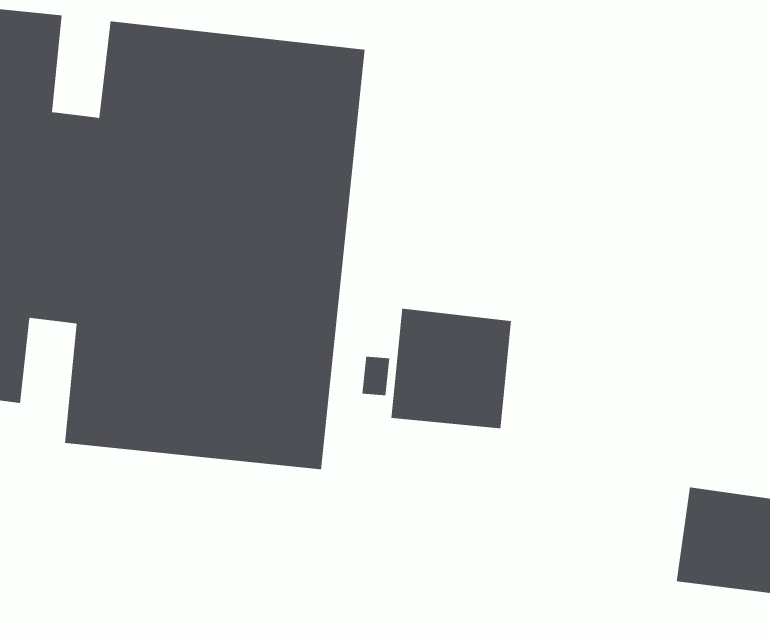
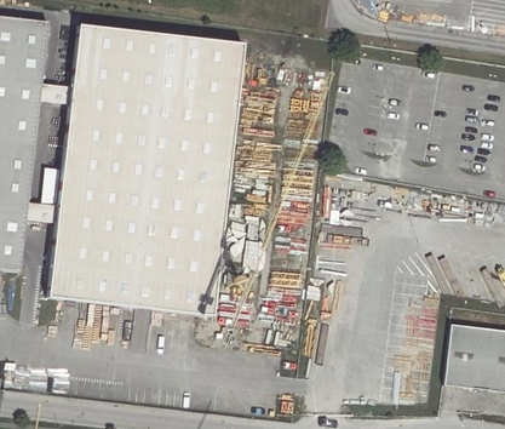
building: [391,308,512,429] -> none

